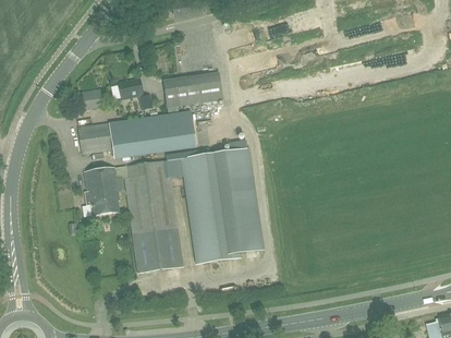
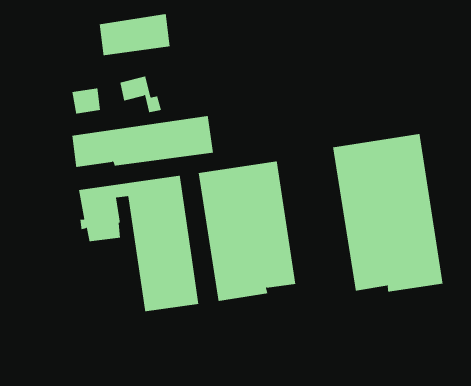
building: [162,72,221,107] -> [99,13,171,56]
building: none -> [332,133,443,292]

